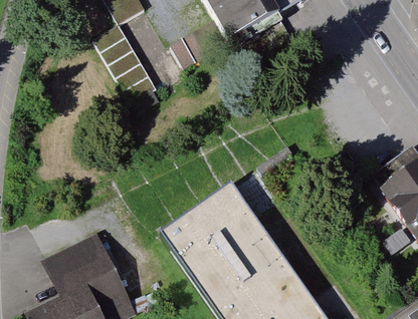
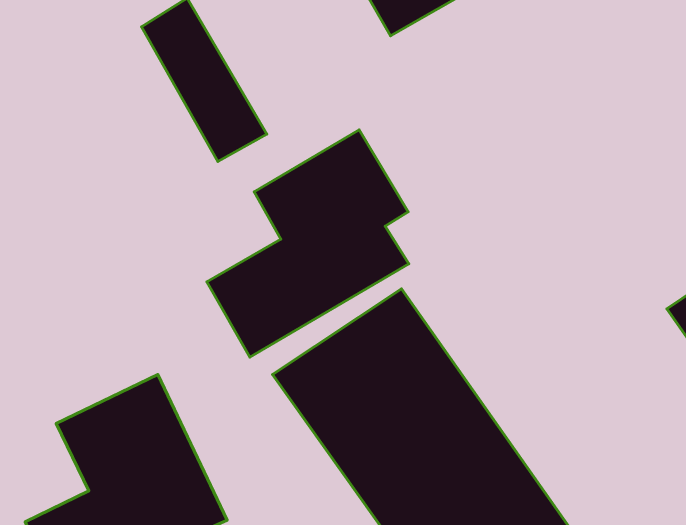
building: none -> [207,130,409,357]

